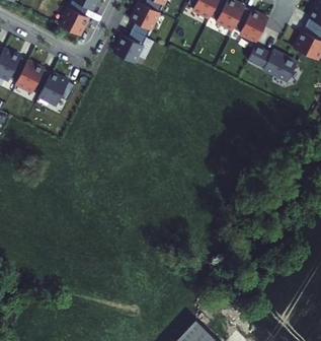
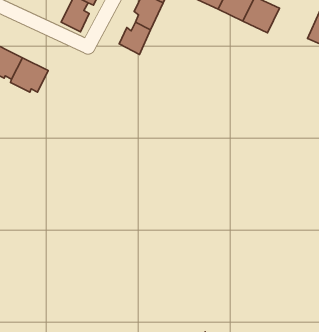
building: [249,42,299,77] -> none
building: [39,75,75,108] -> none

